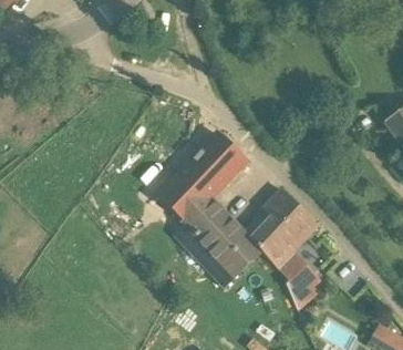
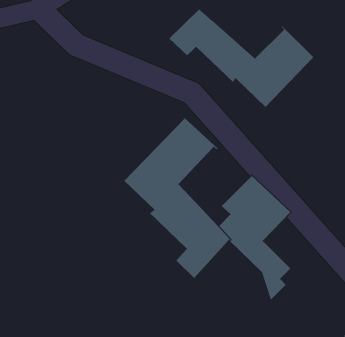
building: none -> [168,8,314,108]

